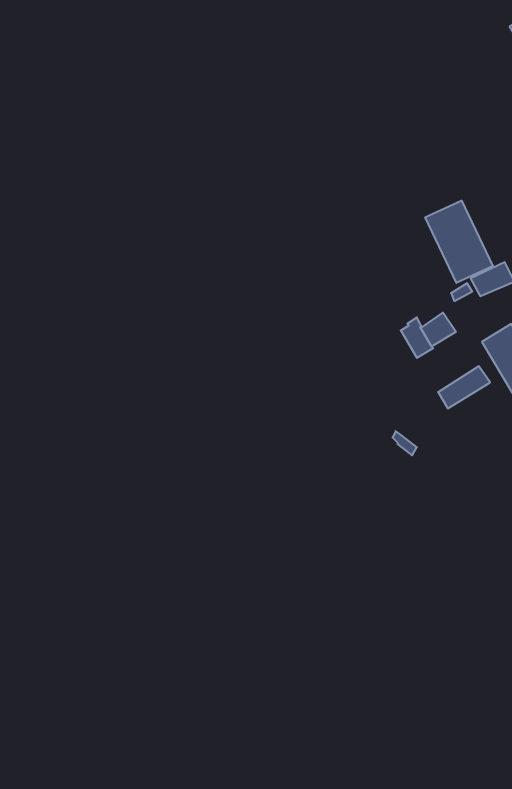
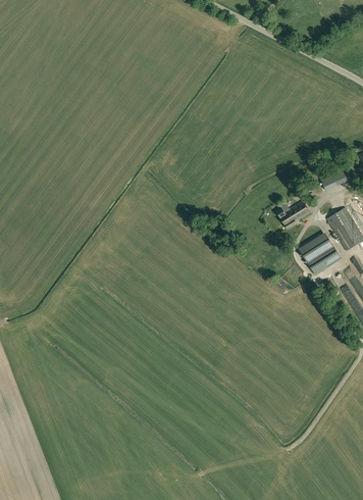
building: [425,201,493,283] -> none
building: none -> [306,243,342,273]

